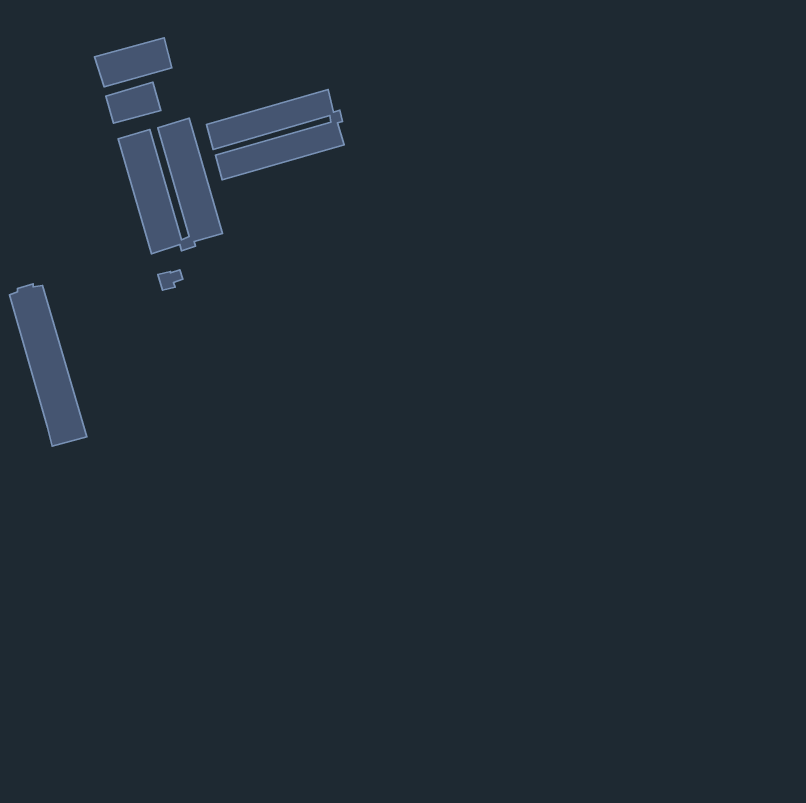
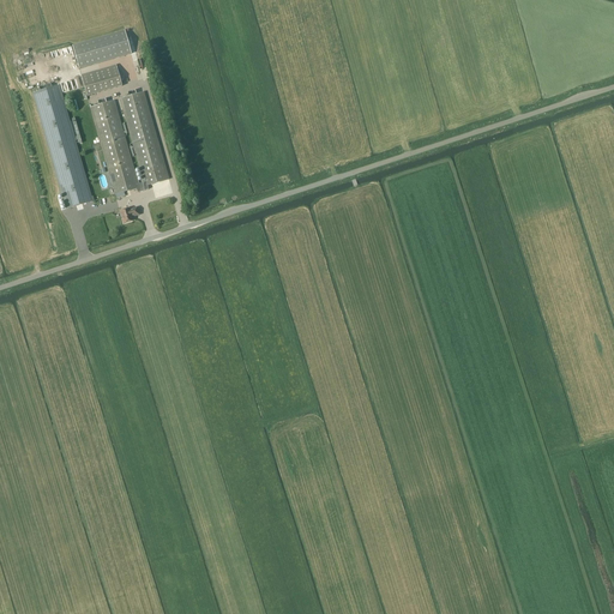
building: [206,90,344,180] -> none
building: [9,284,87,446] -> [34,83,92,206]

